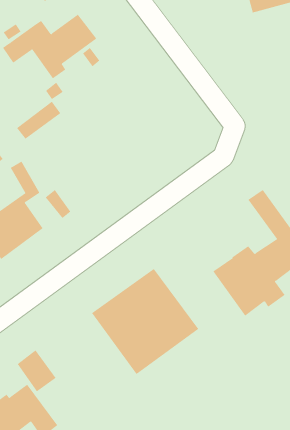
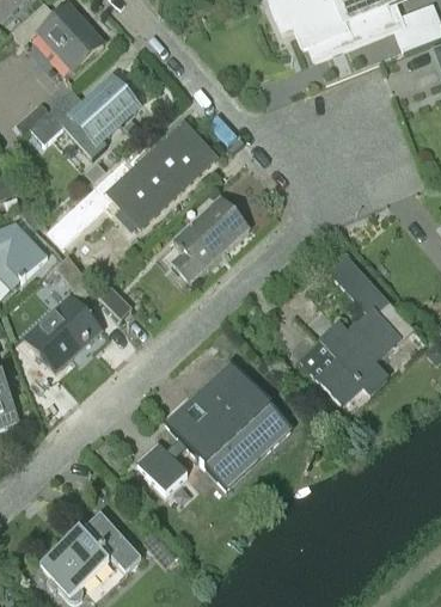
building: none -> [108,124,215,227]
building: none -> [172,197,249,280]
building: [17,350,57,392] -> [140,444,188,493]

